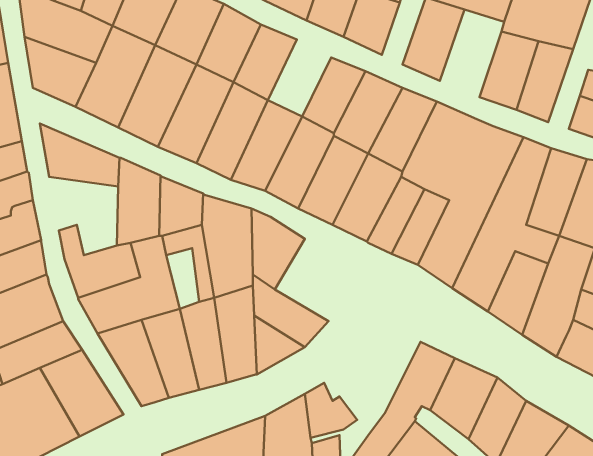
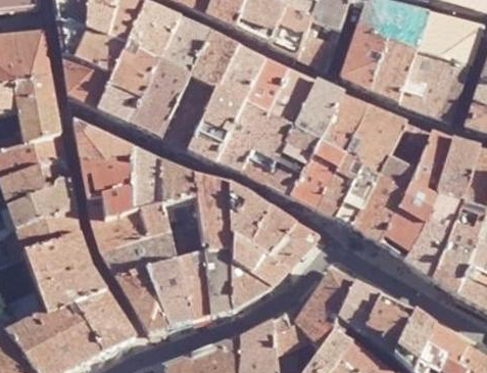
building: none -> [371,35,419,100]
building: none -> [243,57,290,114]
building: none -> [81,159,132,218]
building: none -> [248,205,320,267]
building: none -> [296,271,356,351]

